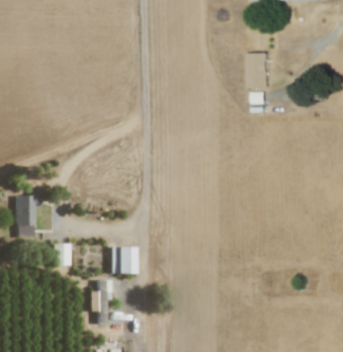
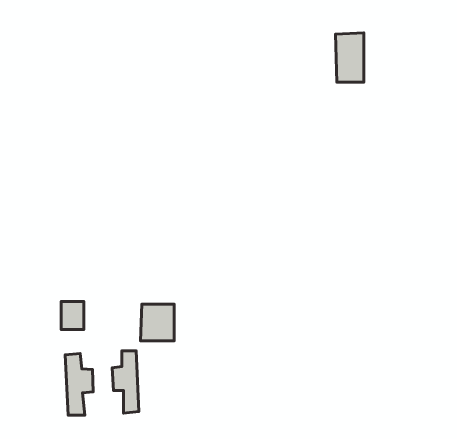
building: [14,196,38,238] -> none
building: none -> [65,353,93,415]

